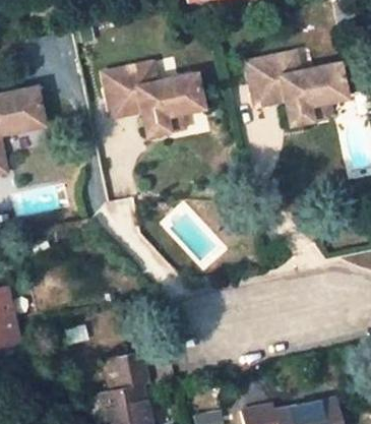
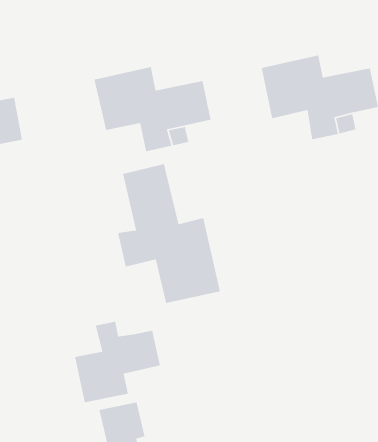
building: none -> [117,163,221,304]
building: none -> [74,321,161,403]

